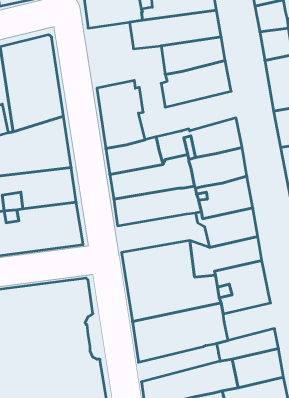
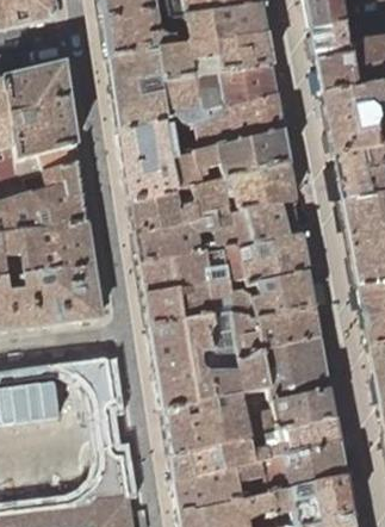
building: none -> [110,49,205,129]
building: none -> [170,132,288,191]
building: none -> [145,279,256,327]
building: none -> [273,388,335,433]
building: none -> [170,436,269,483]

